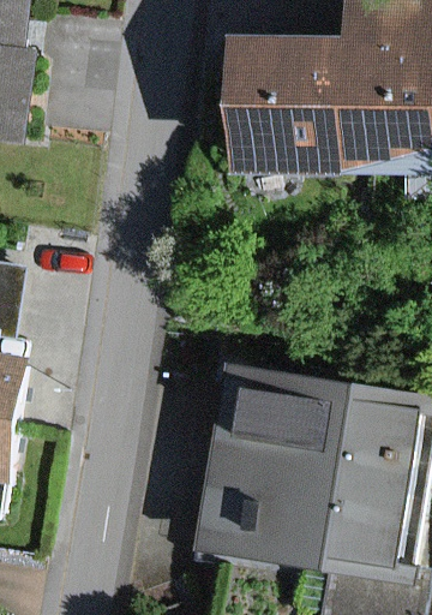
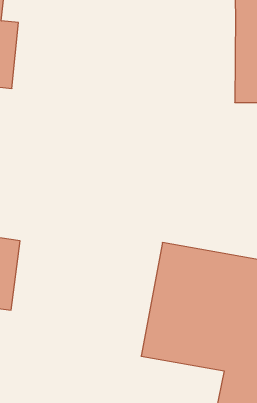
building: [238,32,361,165] -> none

